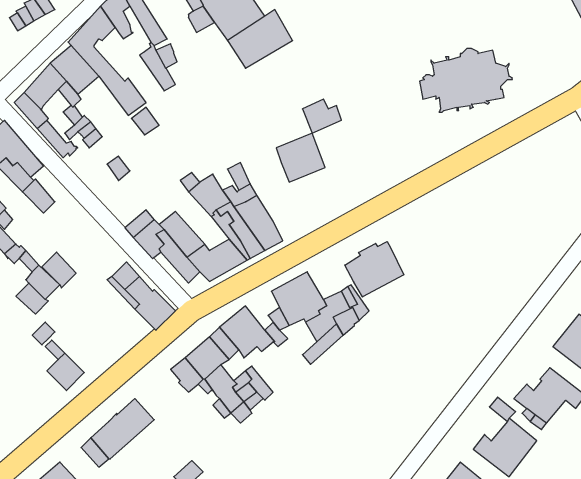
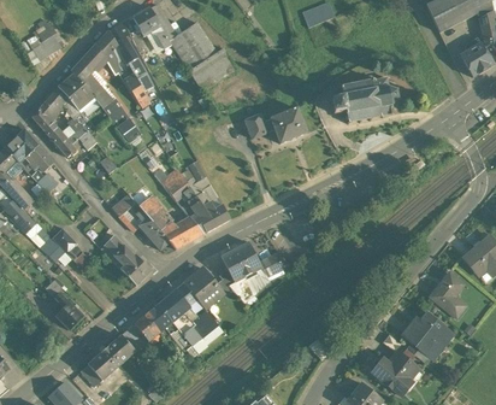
building: [276,133,325,182] -> [270,107,306,143]
building: [345,242,404,297] -> none
building: none -> [120,313,160,351]

